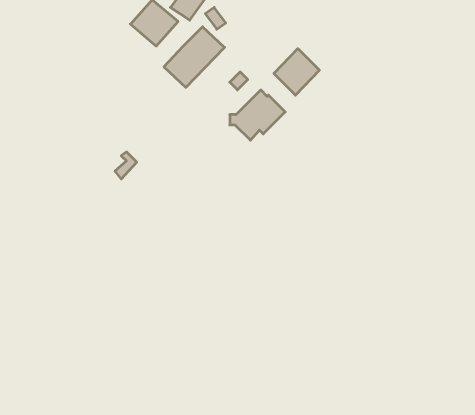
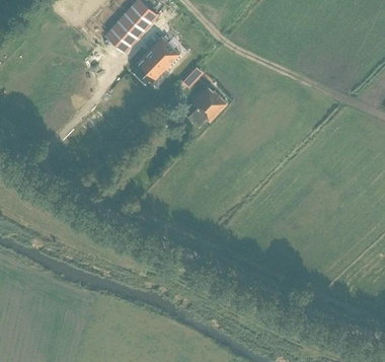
building: [274,49,319,95] -> none

